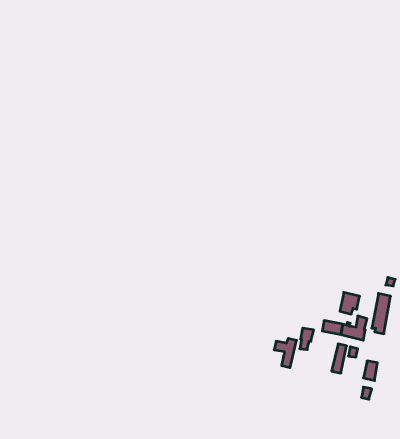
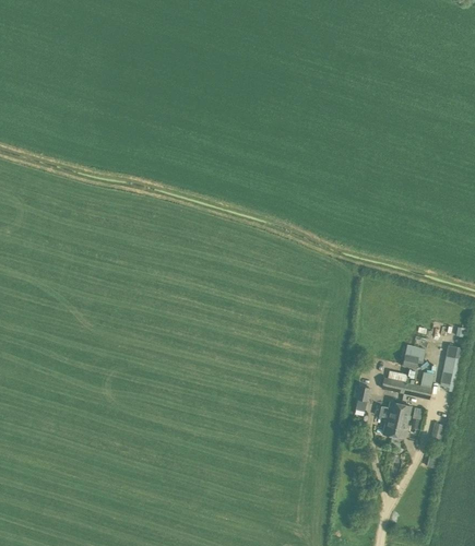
building: [274,338,297,368] -> [373,401,400,435]

